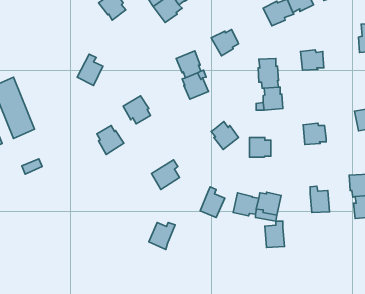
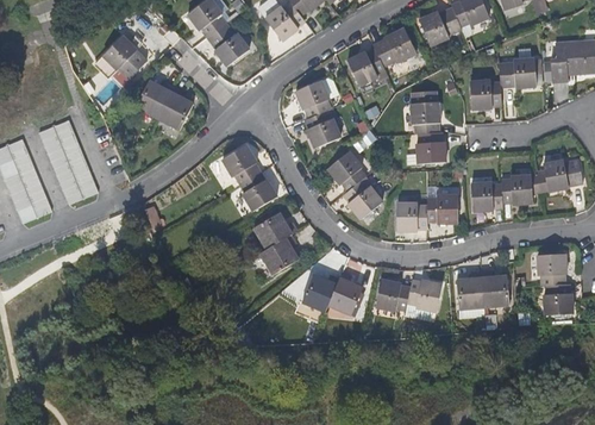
building: none -> [206,23,249,65]
building: none -> [370,29,414,67]
building: none -> [102,33,146,77]
building: none -> [497,56,536,86]
building: none -> [136,79,174,117]
building: none -> [328,150,367,189]
building: none -> [502,174,534,204]
building: [97,125,124,154] -> [239,170,277,211]
building: none -> [427,194,458,223]
building: none -> [253,211,298,248]
building: [265,221,284,247] -> [457,270,484,307]
building: [149,222,175,250] -> [302,274,339,312]

